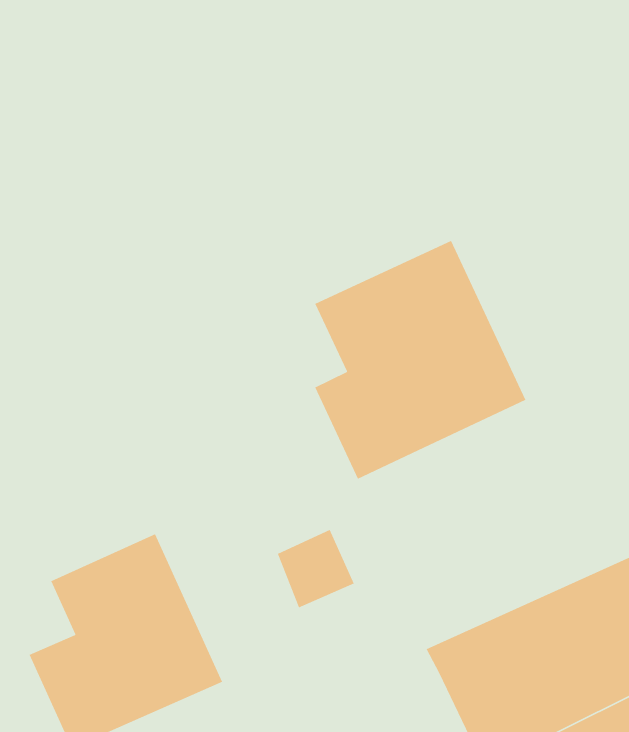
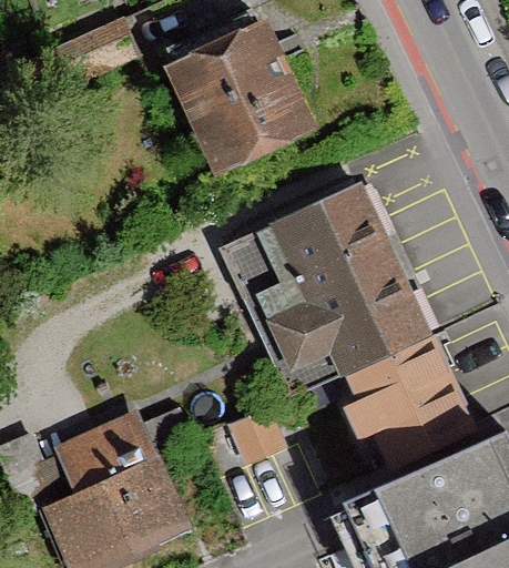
building: none -> [165,17,315,176]
building: none -> [334,311,475,464]

